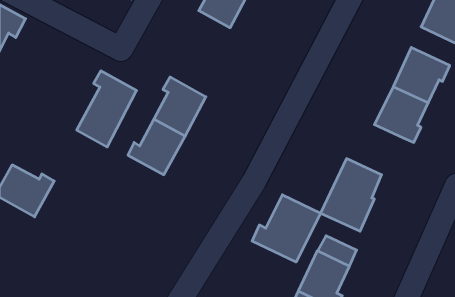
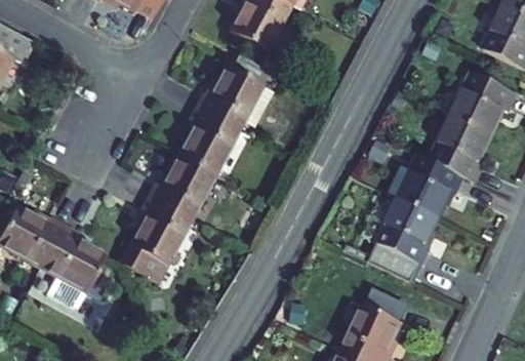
building: none -> [197,52,273,128]
building: [77,71,137,147] -> [121,195,190,282]
building: none -> [399,155,463,217]
building: none -> [42,225,107,308]
building: [252,195,321,262] -> none

